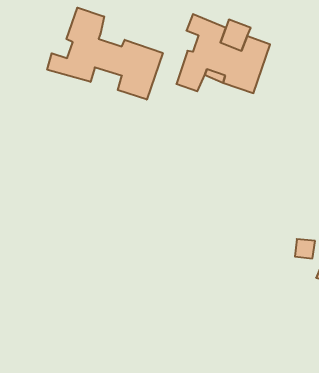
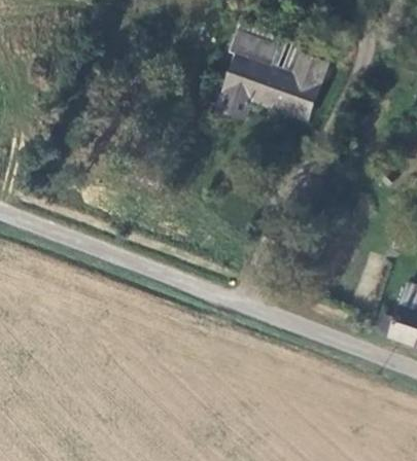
building: [47,8,163,100] -> none

